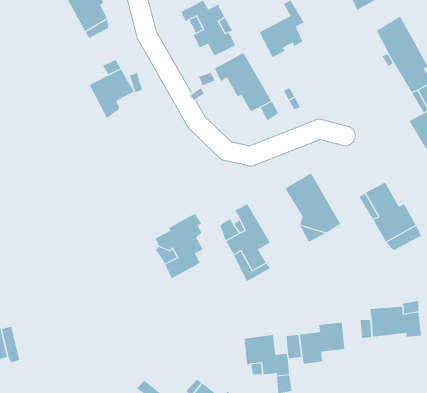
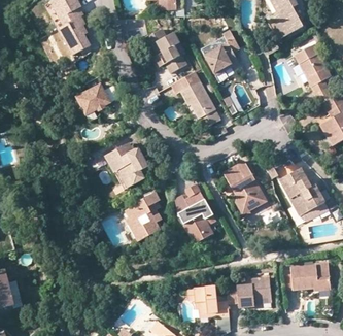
building: none -> [105,143,149,189]

